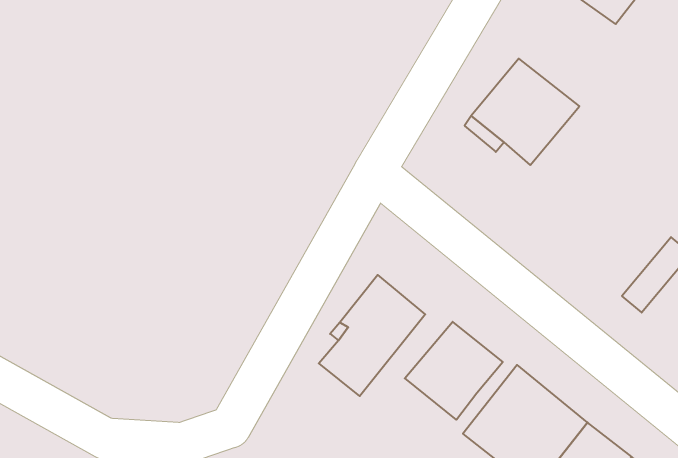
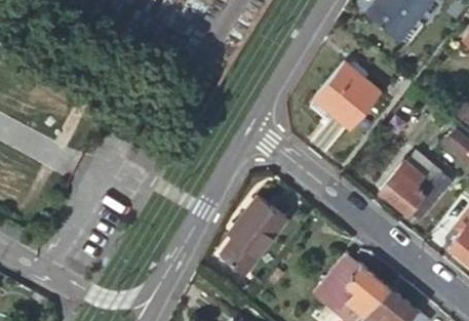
building: none -> [382,154,440,210]
building: [405,322,503,420] -> none

